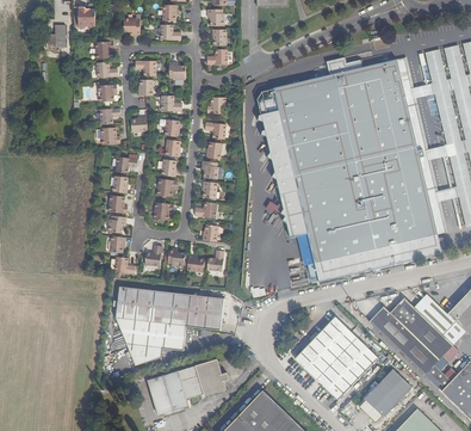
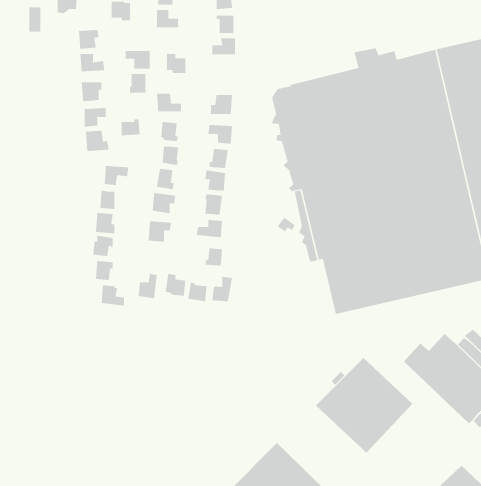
building: [116,285,223,364] -> none
building: [147,358,229,413] -> none
building: [364,369,411,415] -> none

